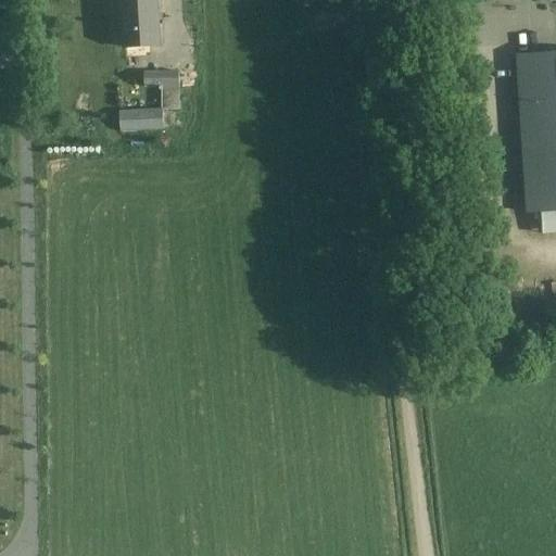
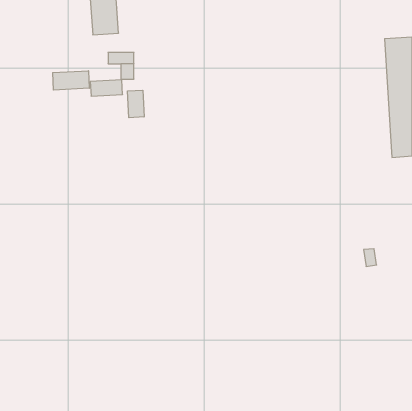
building: none -> [53,71,89,90]
building: none -> [128,90,144,118]

